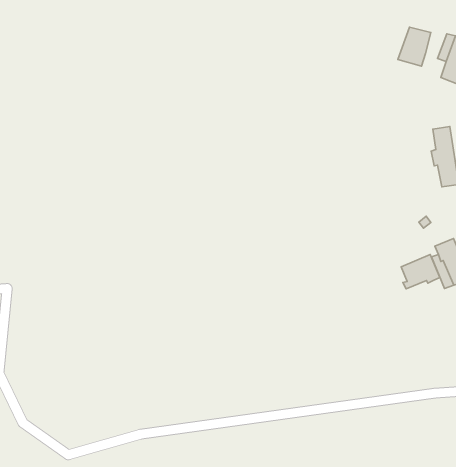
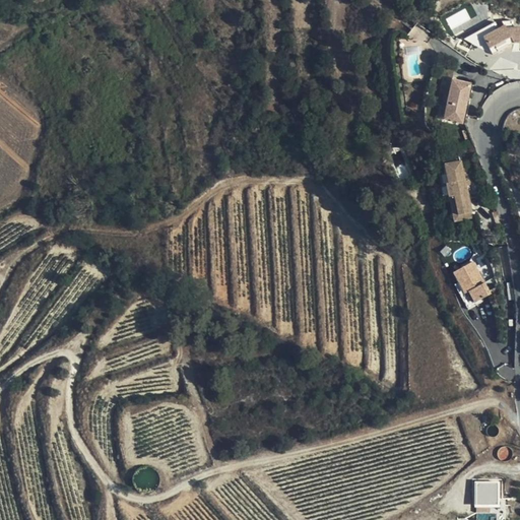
building: [398,27,431,66] -> none
building: [401,254,440,289] -> none

